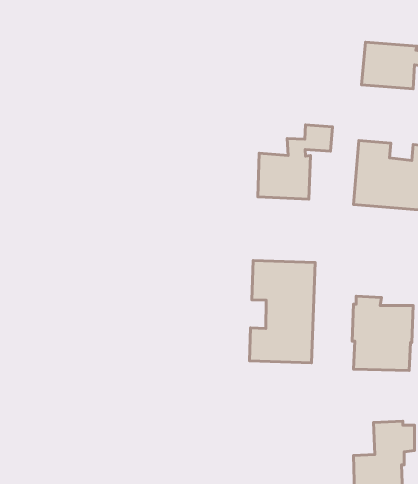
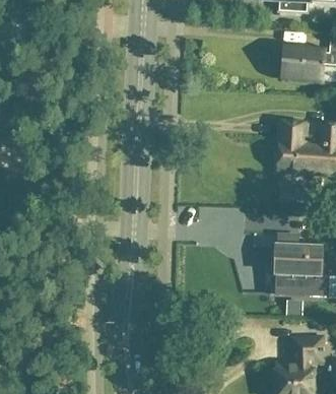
building: [258,125,333,199] -> none
building: [250,260,315,363] -> none

